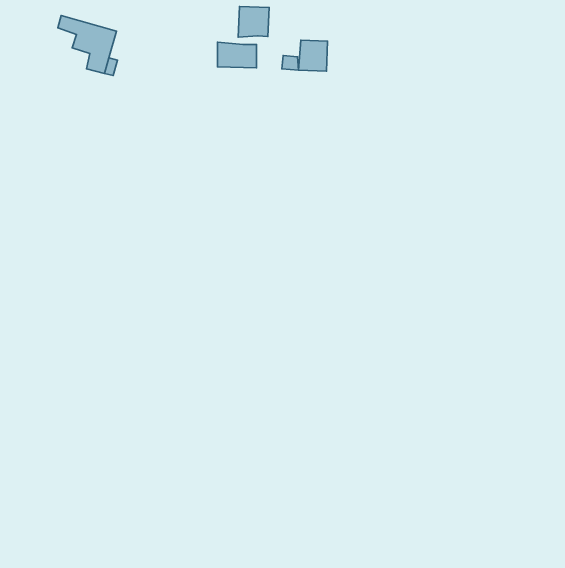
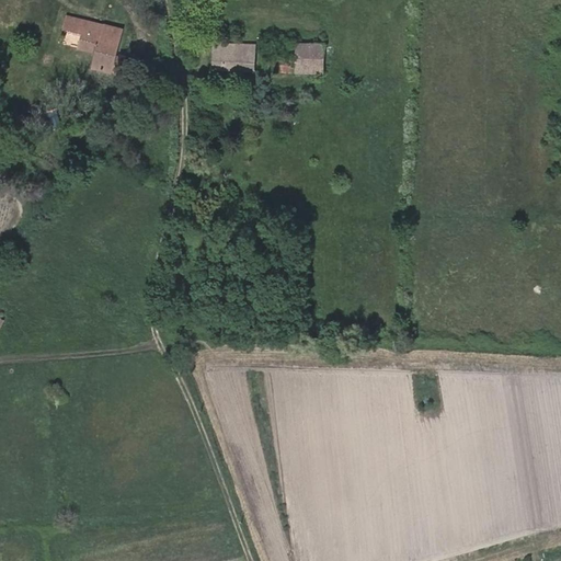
building: [238,7,269,37] -> none

